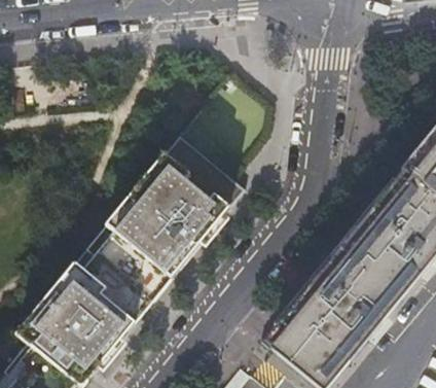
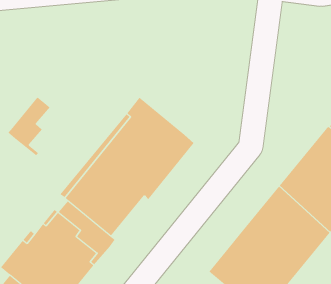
building: none -> [8,97,50,156]

